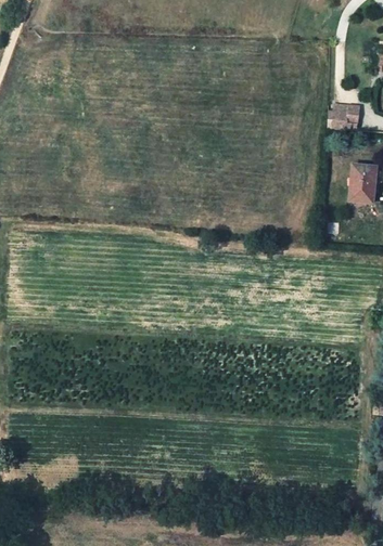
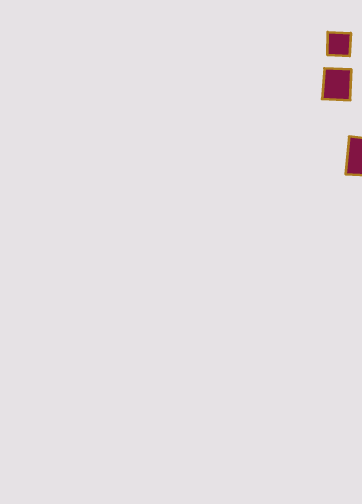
building: none -> [328,32,351,56]

